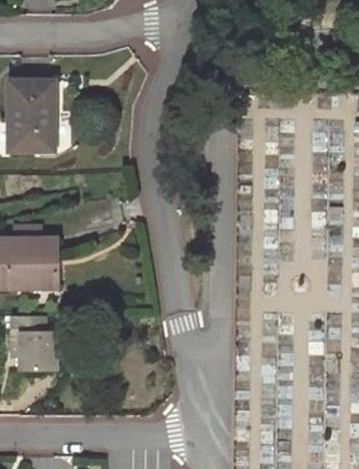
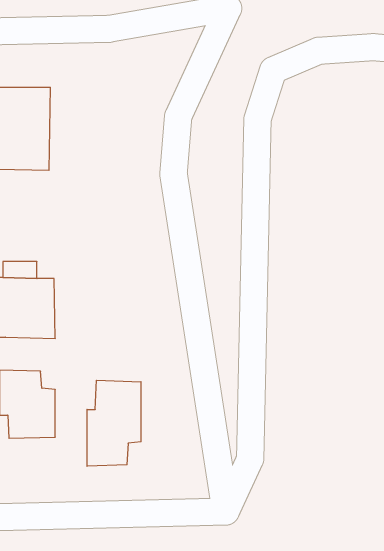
building: none -> [87,380,141,466]

